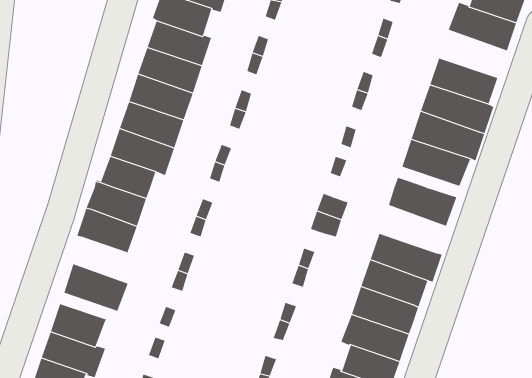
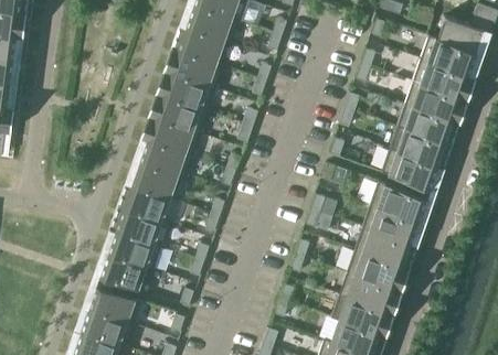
building: none -> [413,58,470,98]
building: none -> [363,204,420,245]
building: none -> [108,229,162,269]

